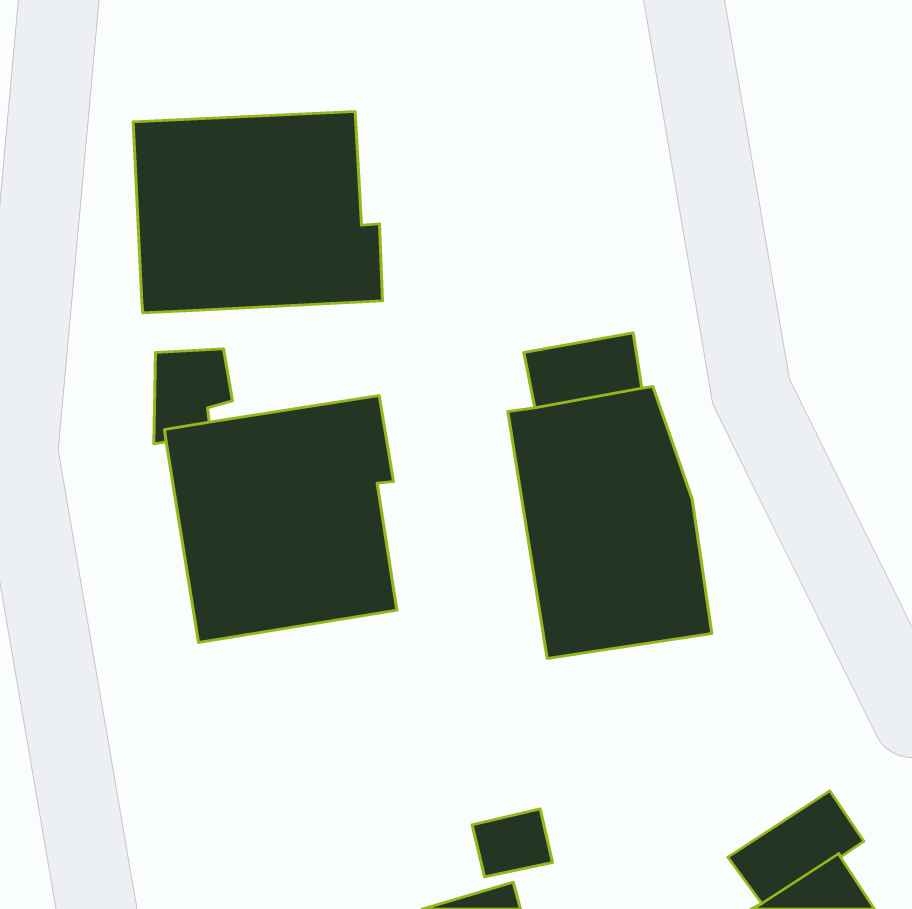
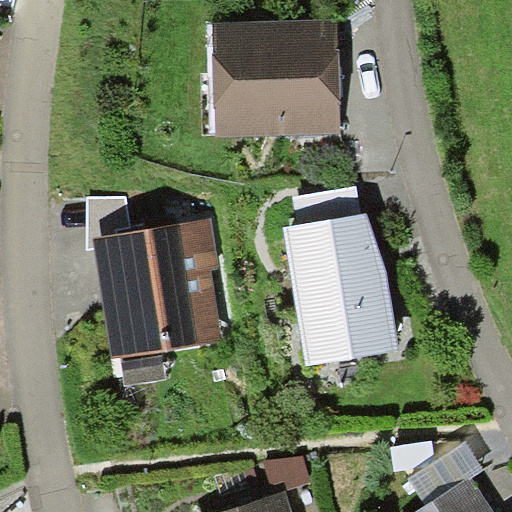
building: none -> [211,19,341,139]
building: [133,111,383,313] -> none

